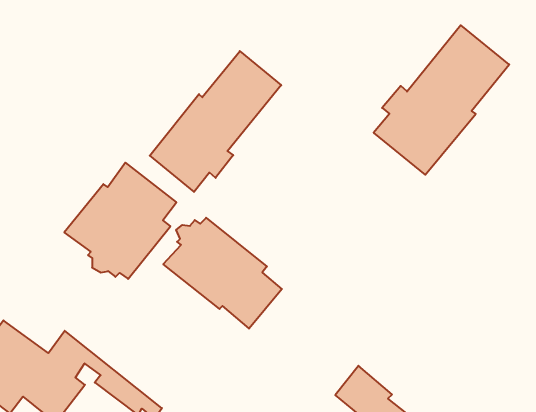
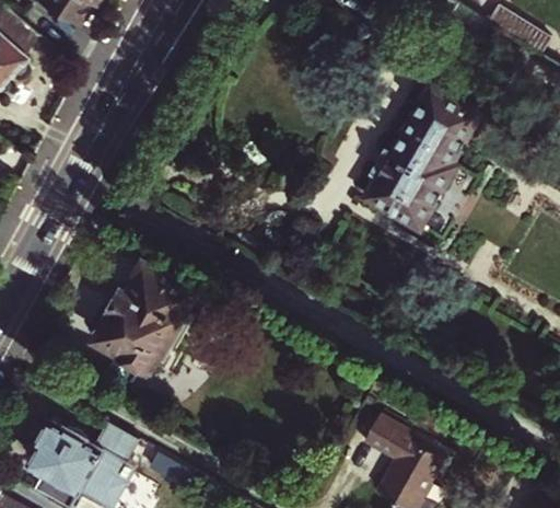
building: [150,51,281,192] -> none
building: [163,218,282,329] -> none

